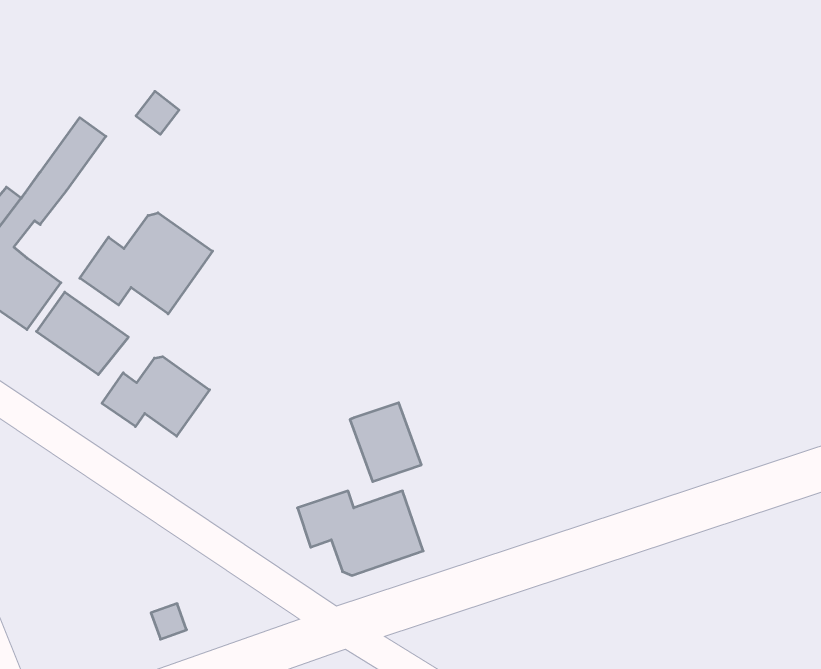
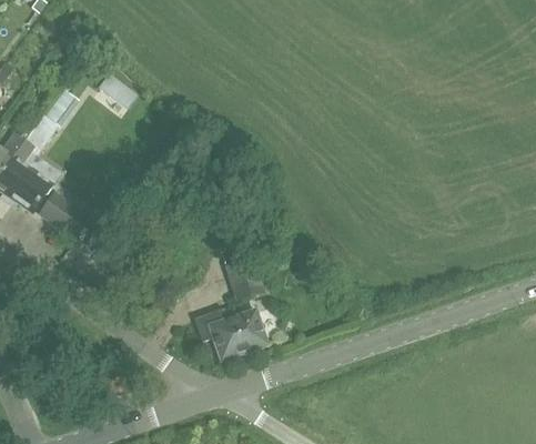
building: [80,213,213,314] -> none
building: [102,357,210,436] -> none

